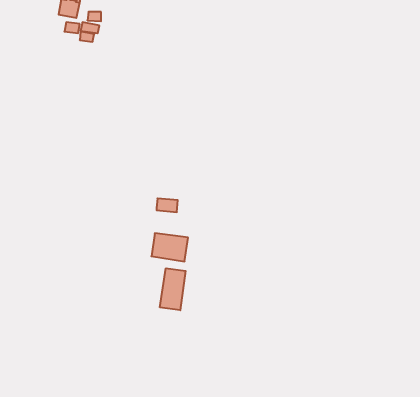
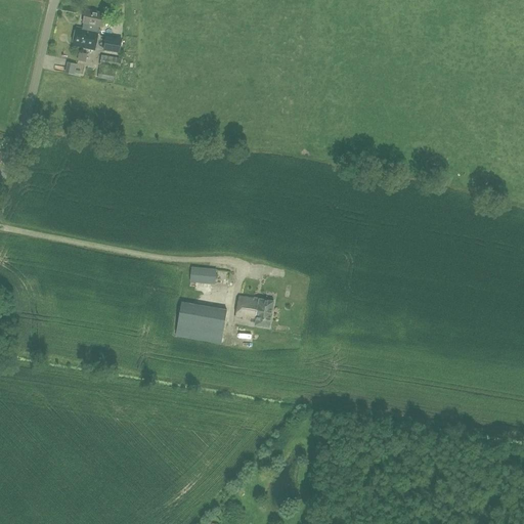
building: none -> [233,294,272,325]
building: [160,268,186,310] -> none

